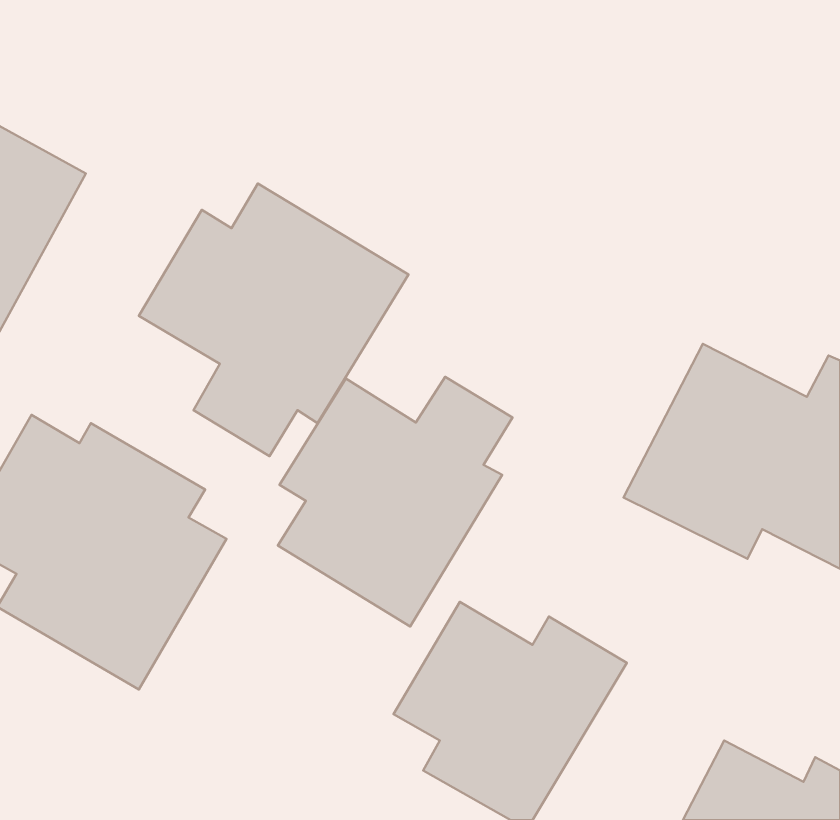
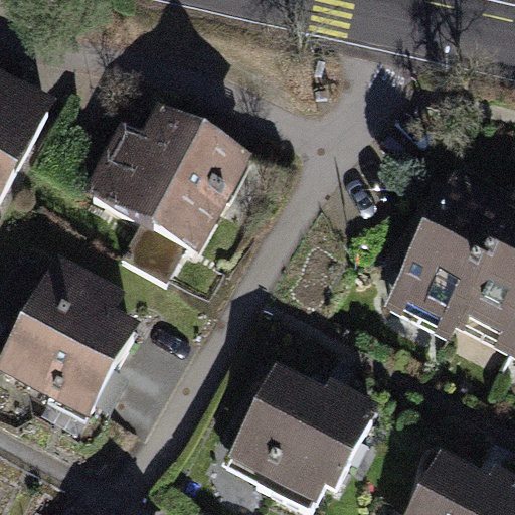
building: [278,377,512,627] -> none

